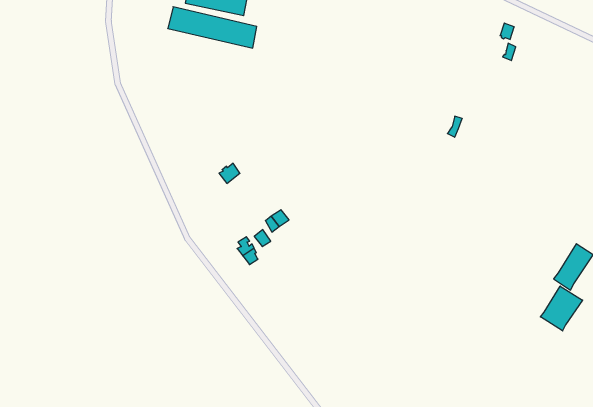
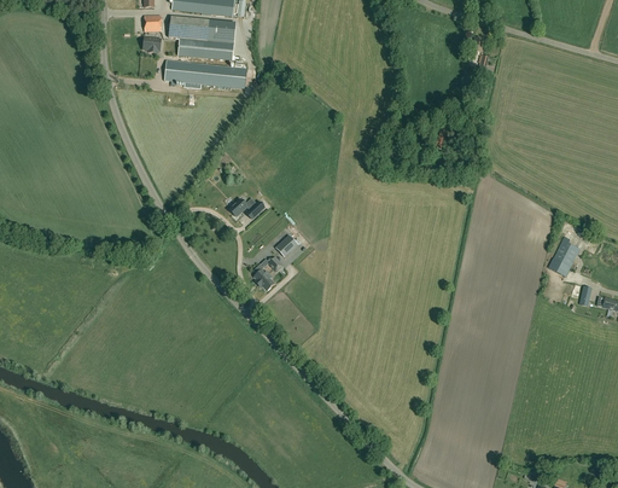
building: [540,286,583,331] -> none

